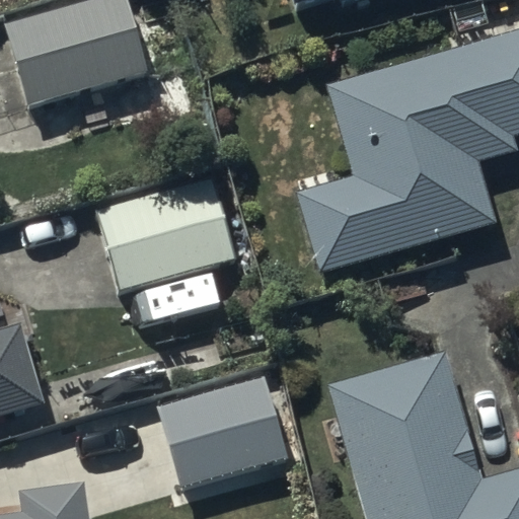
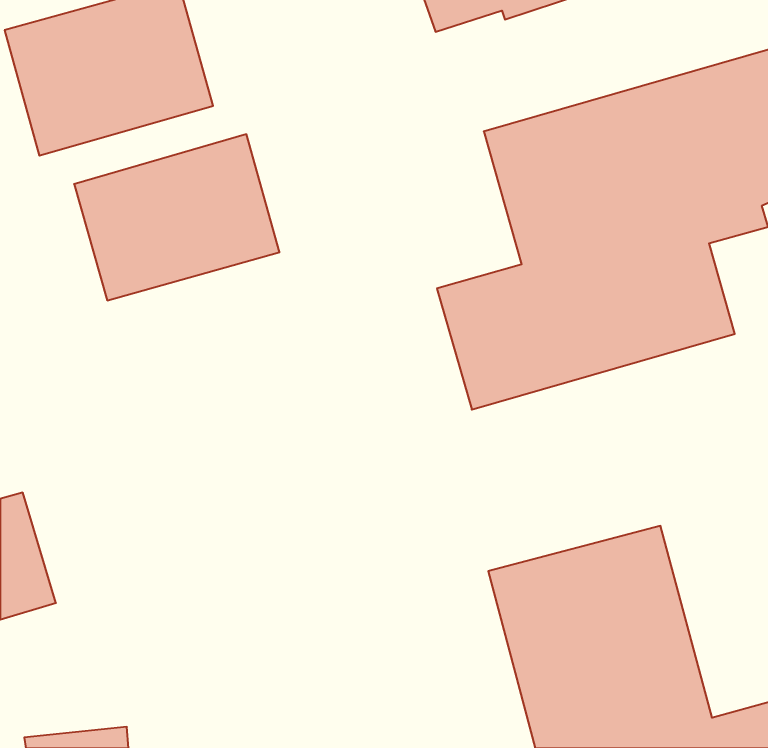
building: [98,178,236,290] -> [74,134,280,300]
building: [157,374,290,487] -> none

